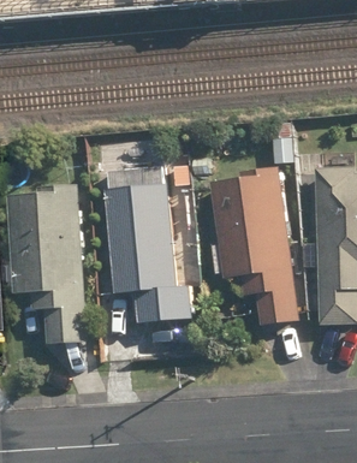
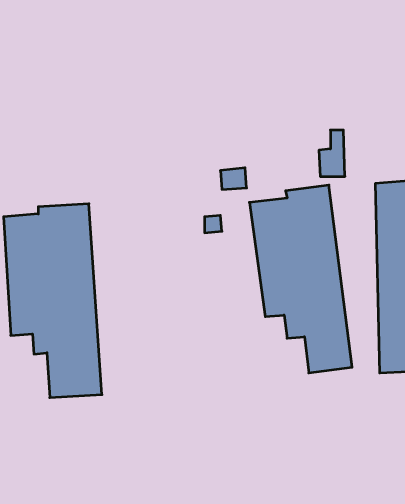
building: [105,165,194,325] -> none

